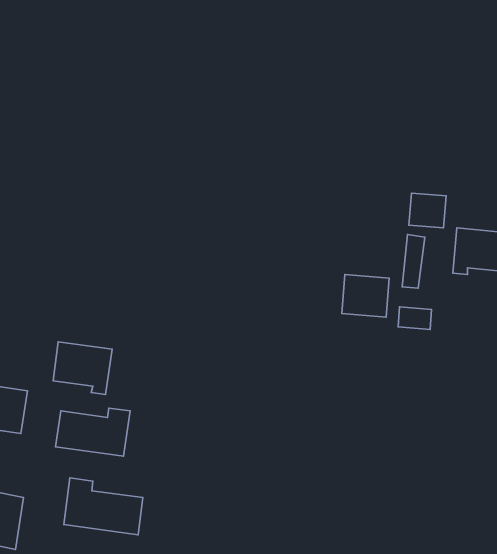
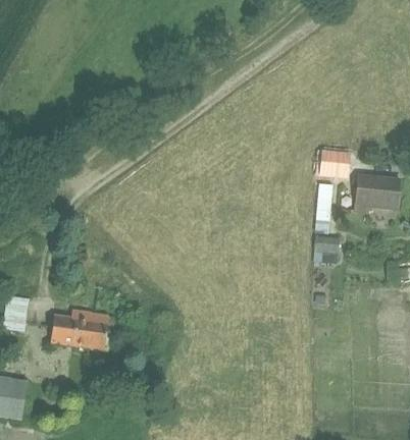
building: [342,275,389,317] -> none
building: [53,342,112,395] -> none
building: [64,478,143,535] -> none

